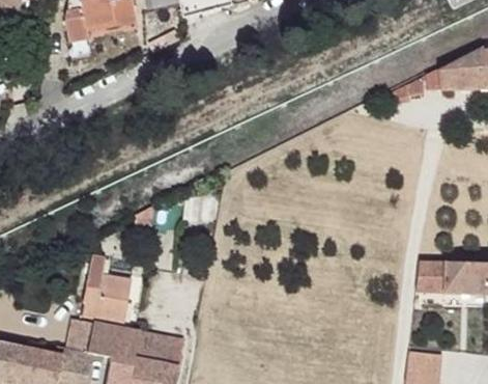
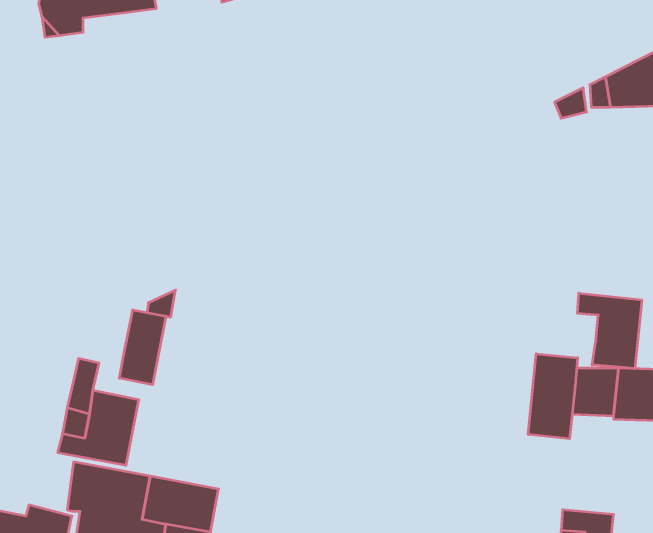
building: none -> [578,293,642,369]
building: none -> [119,310,166,385]
building: none -> [528,354,578,439]

